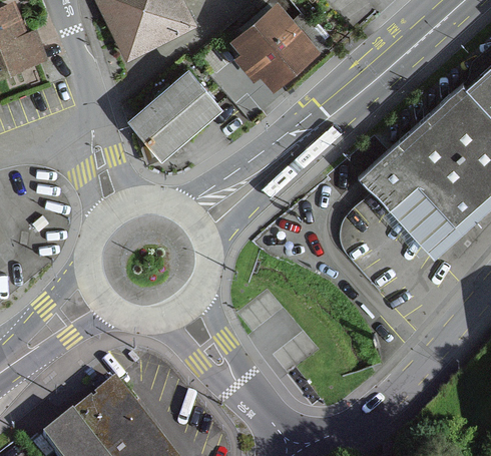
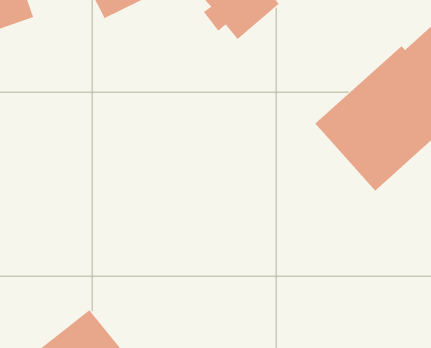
building: [131,69,223,156] -> none

